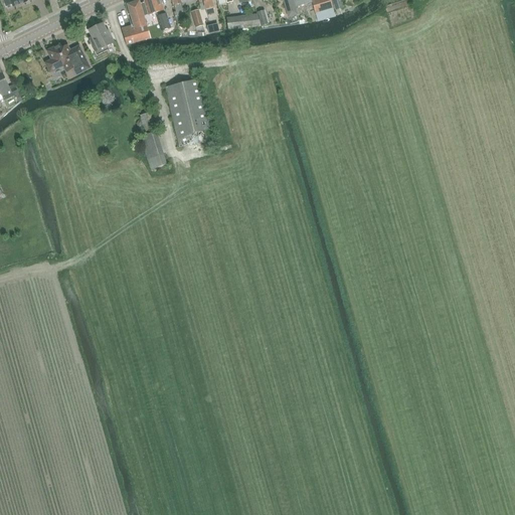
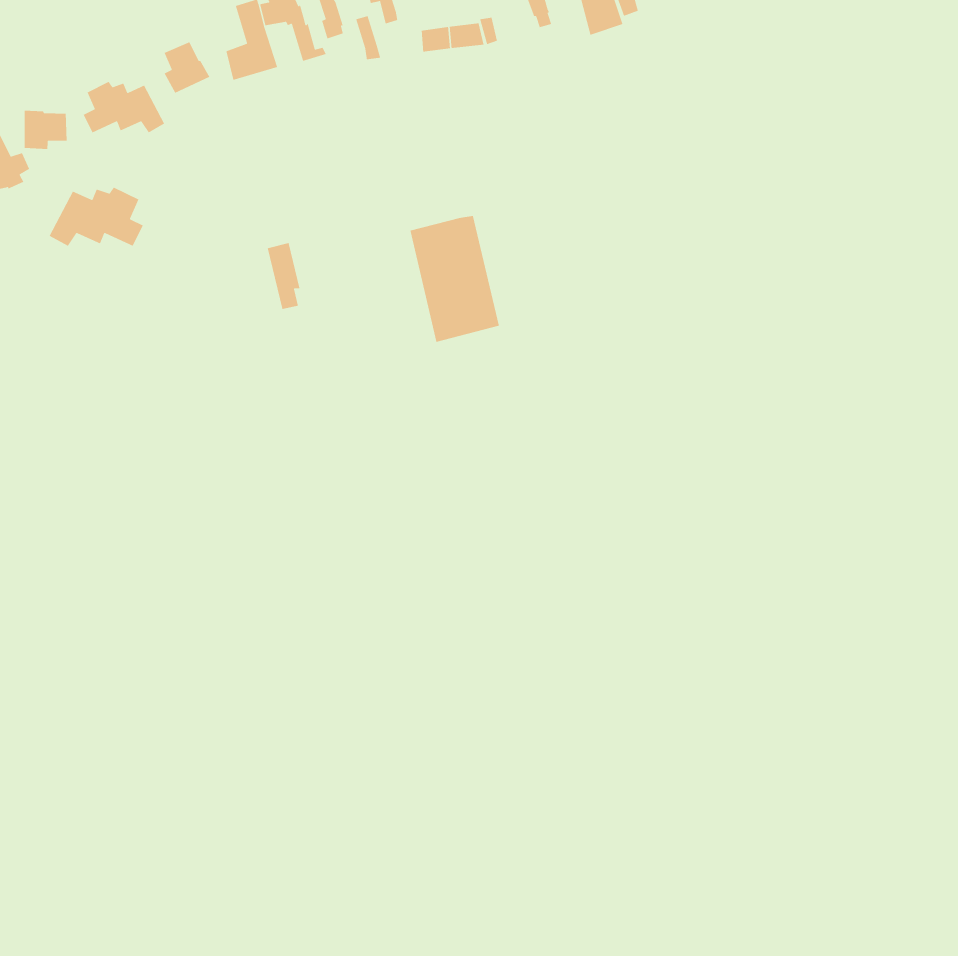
building: none -> [24,110,68,150]
building: [164,77,212,146] -> [410,215,500,343]
building: none -> [49,186,144,247]

